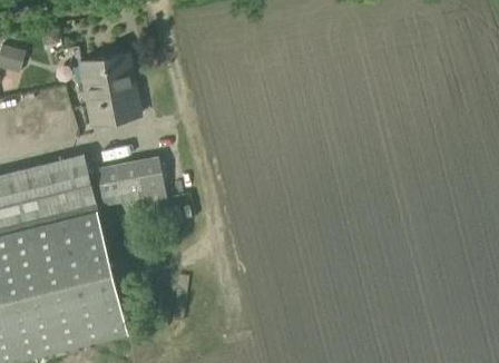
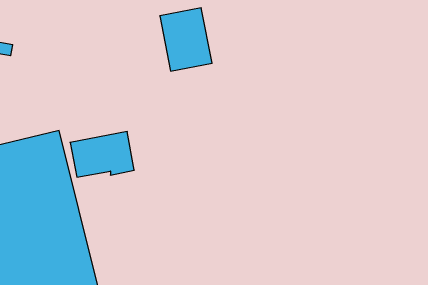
building: [80,55,139,126] -> [160,8,212,71]

